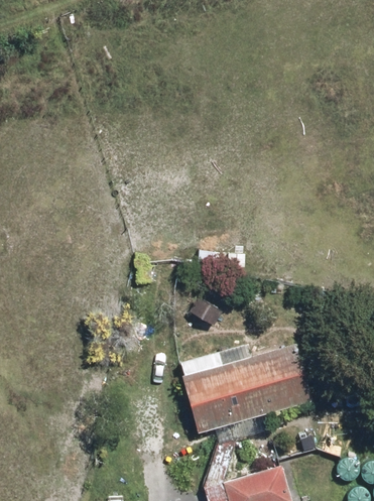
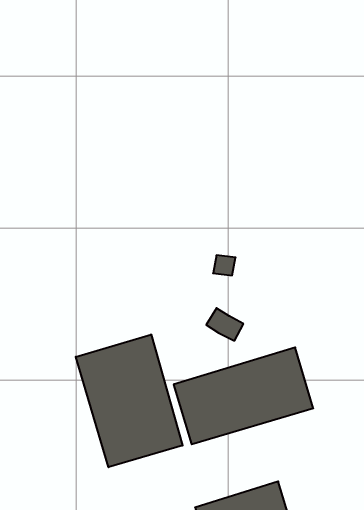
building: none -> [76,334,183,467]

